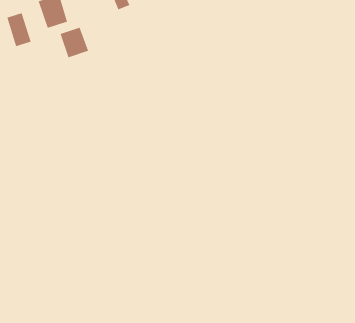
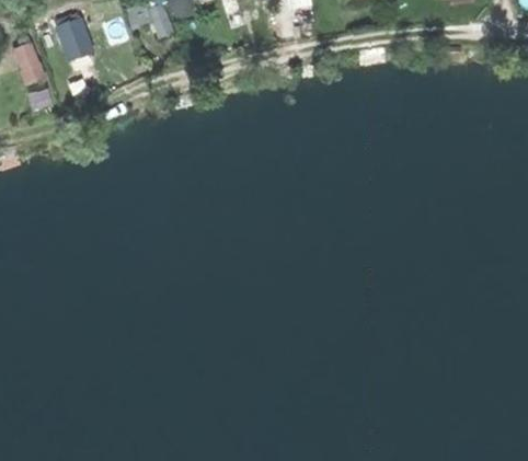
building: [60,27,89,58] -> none

